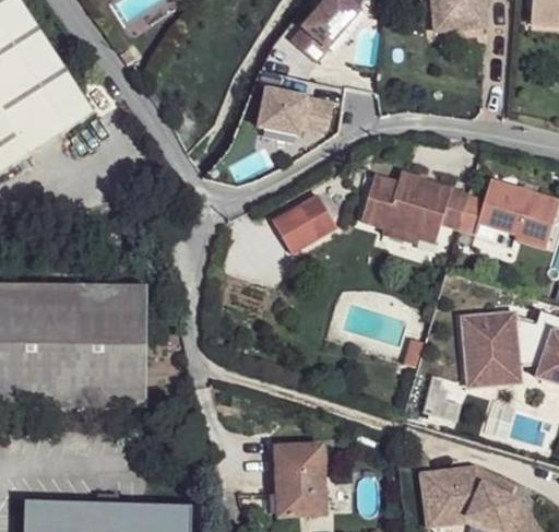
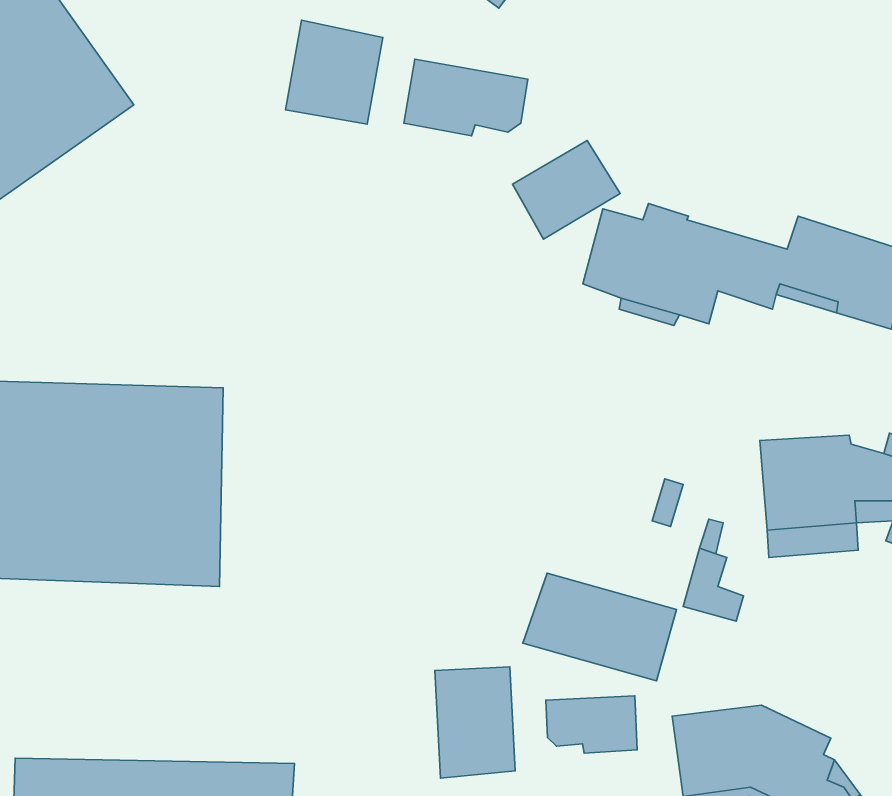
building: none -> [286,20,383,124]
building: [276,196,341,255] -> [512,141,620,239]
building: none -> [523,573,676,681]
building: none -> [546,696,637,753]

